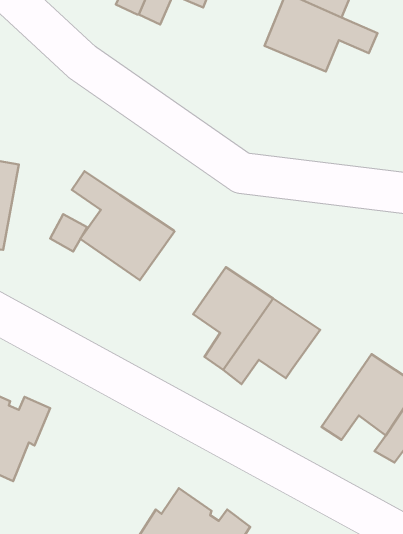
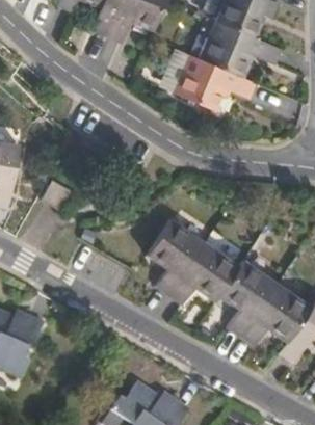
building: none -> [174,54,256,111]
building: [72,171,175,280] -> none
building: none -> [219,260,278,336]

